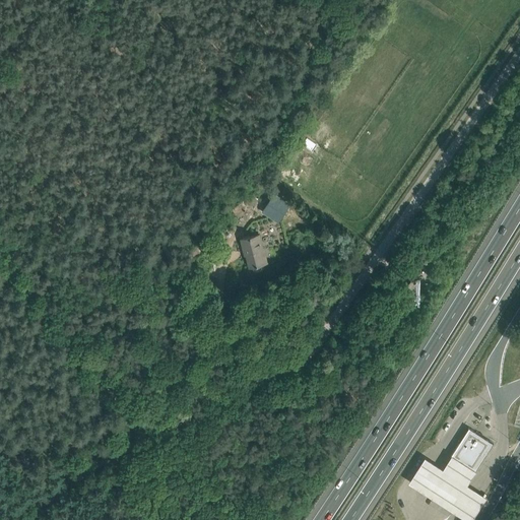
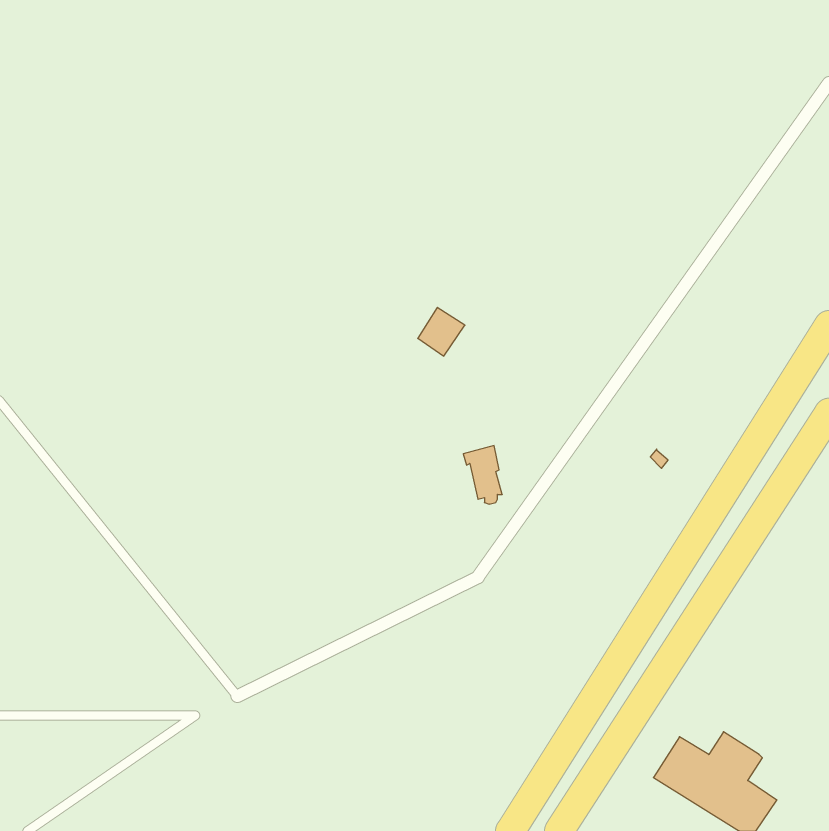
building: [239,234,263,270] -> [463,446,502,504]
building: [450,428,493,471] -> none

